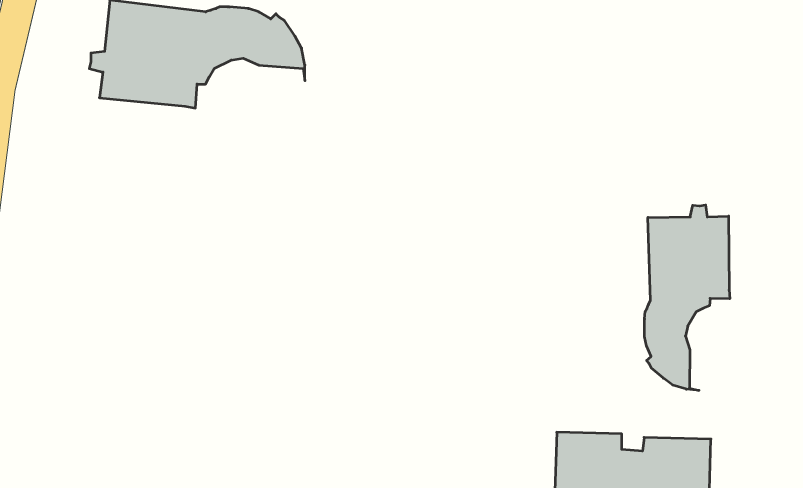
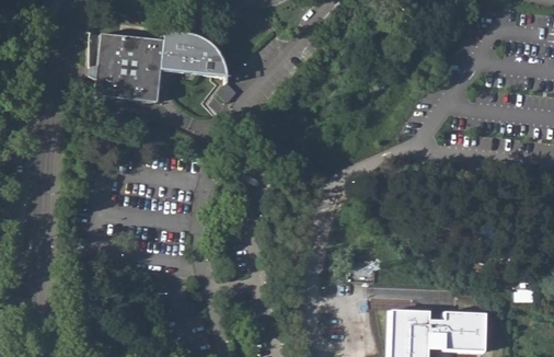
building: [644,205,730,390] -> none

